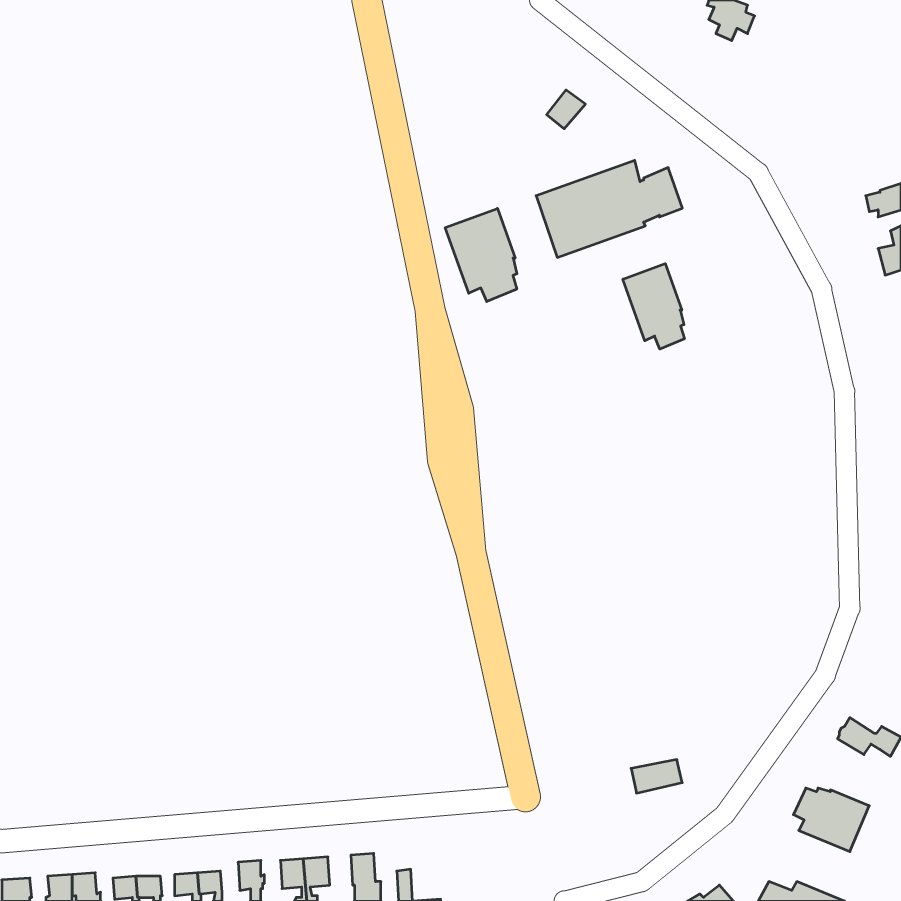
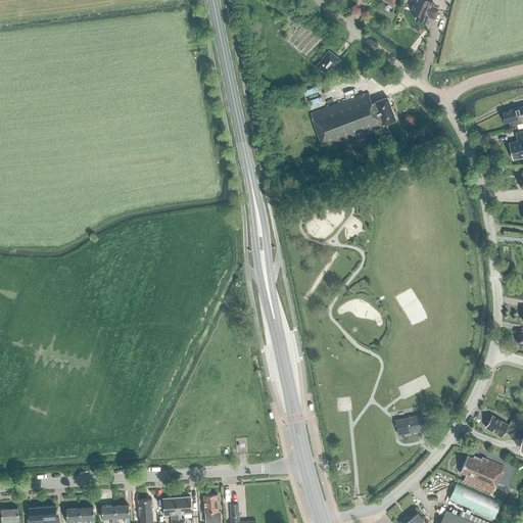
building: [445,208,517,302] -> none
building: [623,264,684,349] -> none
building: [631,760,682,793] -> [395,416,425,435]
building: none -> [457,485,502,518]

